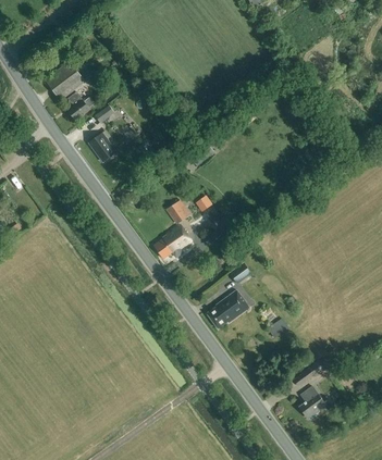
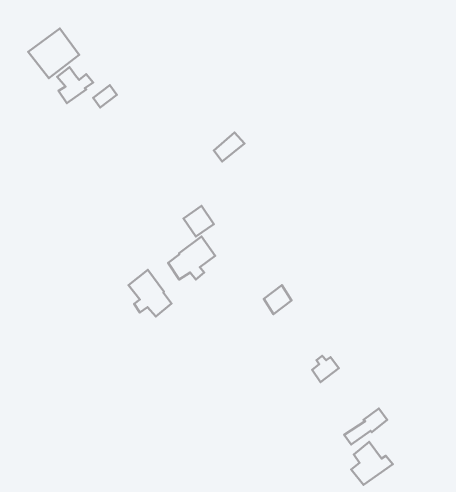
building: [89,133,118,162] -> none
building: none -> [129,270,171,317]
building: [207,289,250,328] -> none

